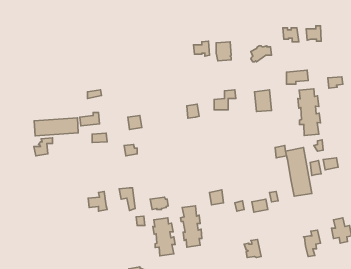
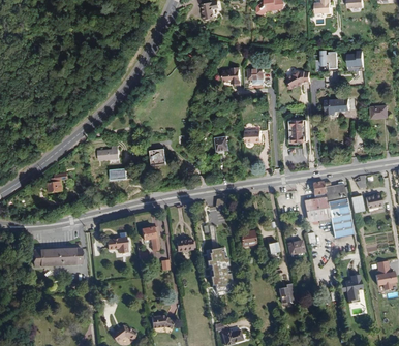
building: [298,89,320,135] -> none
building: [34,118,78,136] -> [34,245,83,264]
building: none -> [305,196,331,222]
building: [153,218,175,256] -> none

